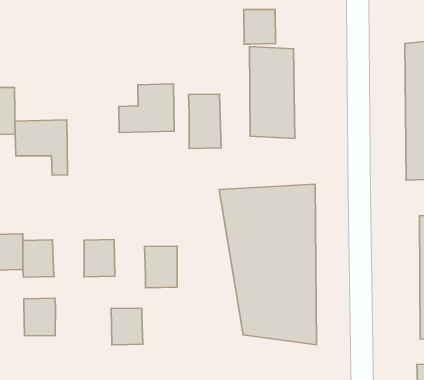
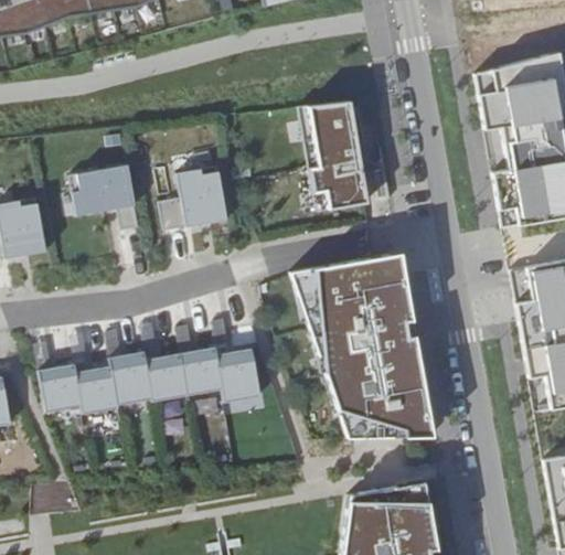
building: [244,10,275,44] -> none
building: [188,94,221,148] -> none
building: [15,120,68,175] -> [70,164,140,231]
building: [24,298,55,336] -> [109,351,152,399]
building: [111,308,143,345] -> [181,348,224,395]

